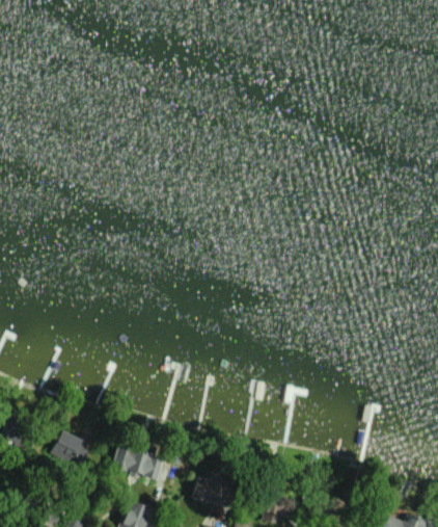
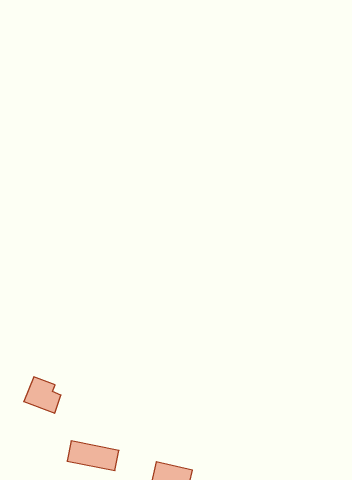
building: [52,429,89,467] -> [24,377,61,413]

